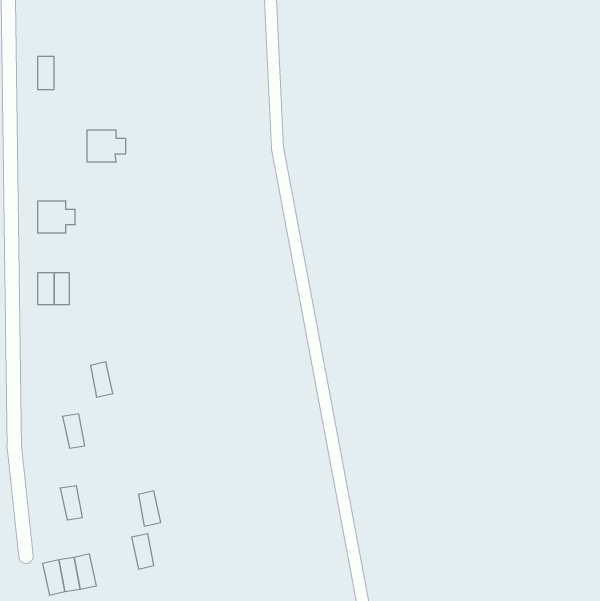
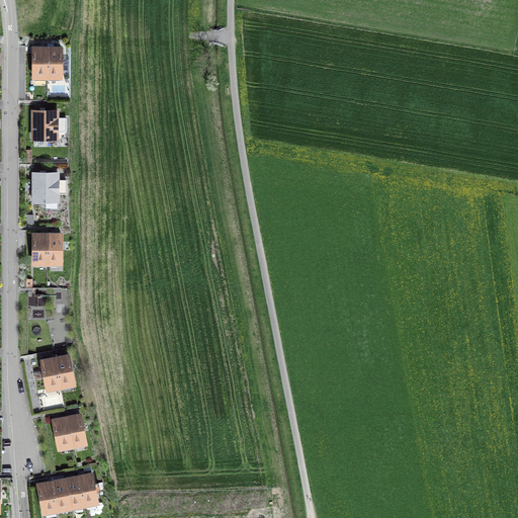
building: none -> [47,49,61,77]
building: [87,130,126,162] -> [31,111,65,139]
building: [91,362,113,397] -> [40,358,60,388]
building: [138,491,161,526] -> [66,415,85,445]
building: [131,534,154,569] -> [77,473,96,504]

